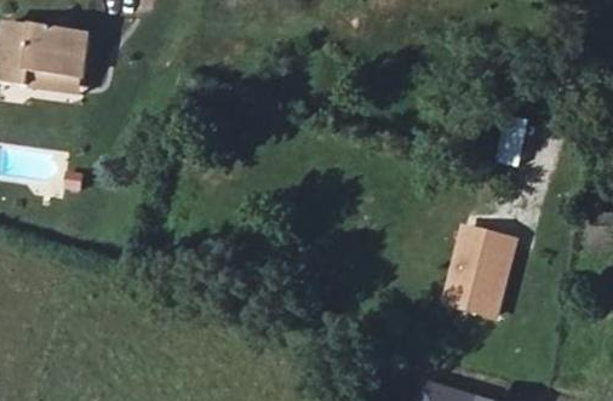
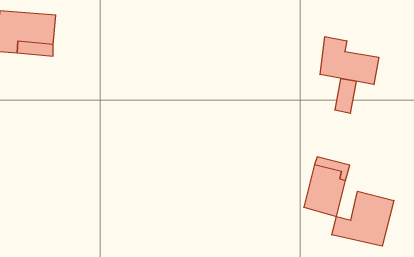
building: none -> [320,37,379,85]
building: none -> [332,191,394,246]

